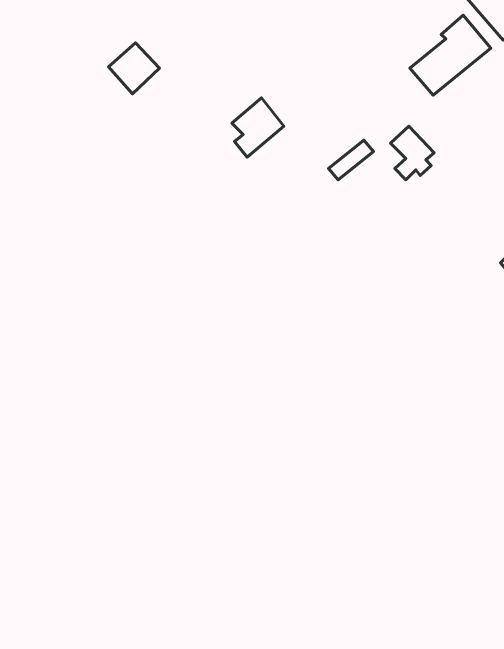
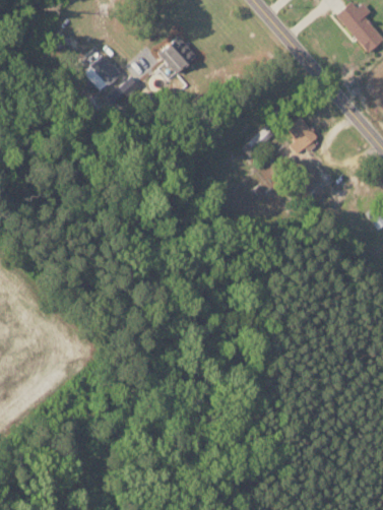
building: [410,15,491,95] -> none
building: [232,98,284,157] -> [158,37,196,79]

